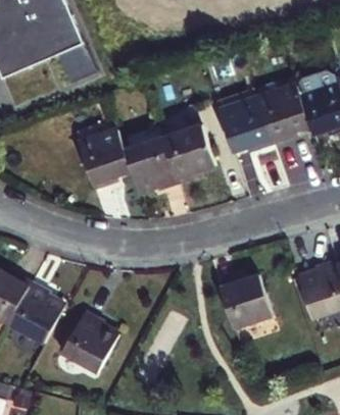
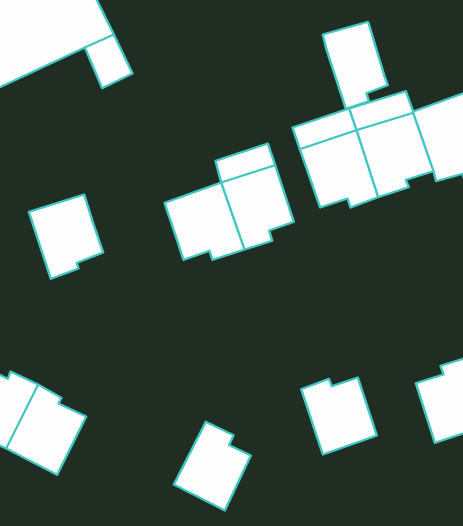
building: none -> [323,22,388,109]
building: [76,134,128,193] -> [29,194,103,279]
building: [64,311,118,373] -> [174,422,251,511]

